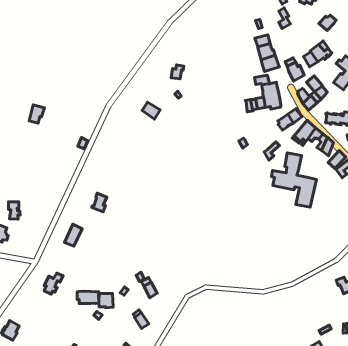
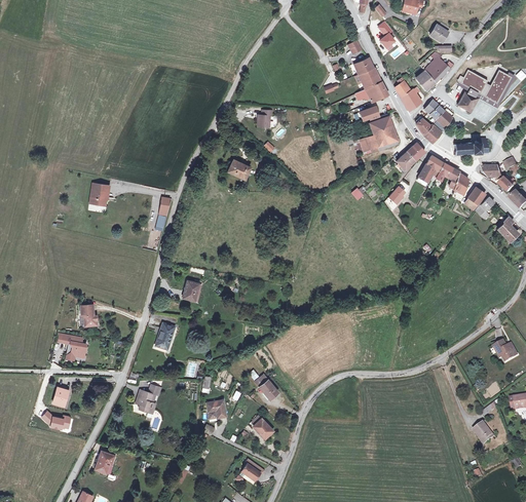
building: [271,153,316,207] -> none
building: [77,291,99,304] -> none

